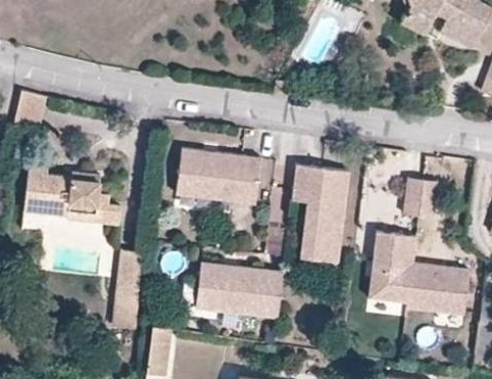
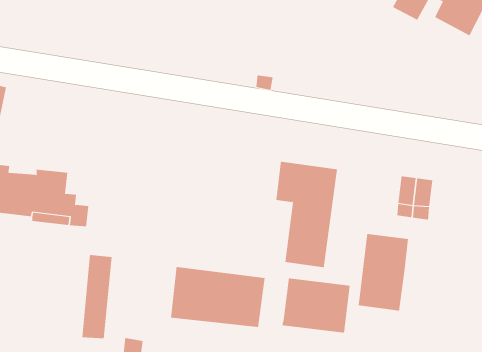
building: [177,149,261,203] -> none
building: [406,264,470,315] -> [282,278,350,333]

